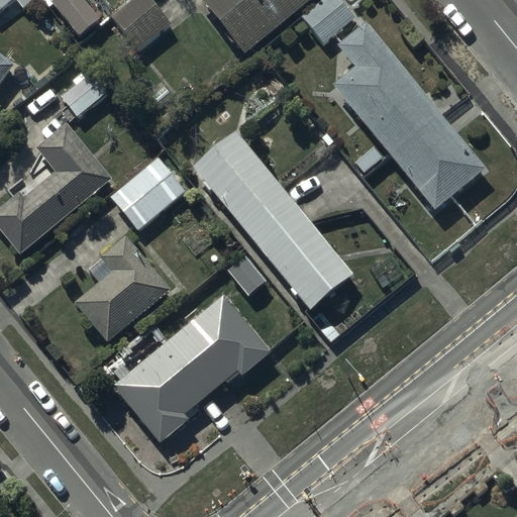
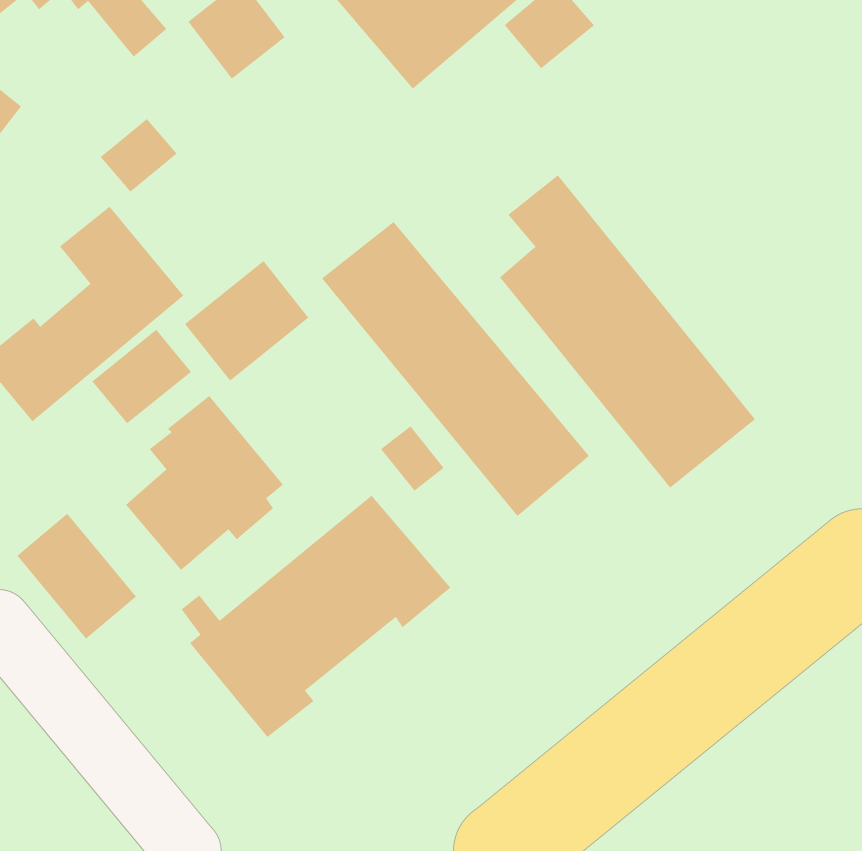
building: [333,21,487,209] -> [499,174,756,488]
building: none -> [92,329,192,424]
building: none -> [17,513,137,639]

